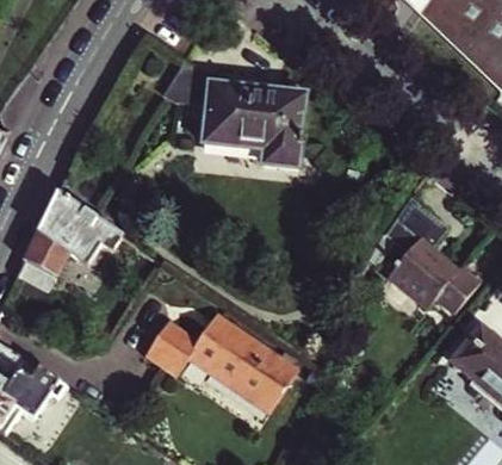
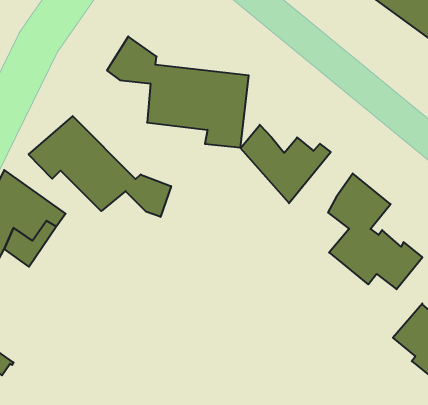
building: none -> [29,116,171,217]
building: none -> [241,125,331,203]
building: [145,303,299,402] -> none

